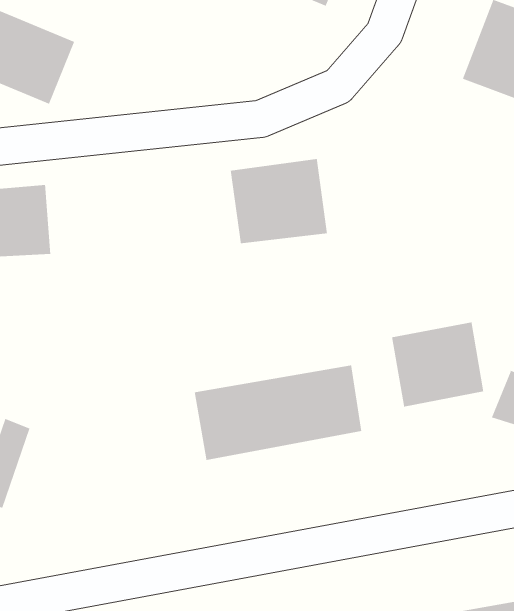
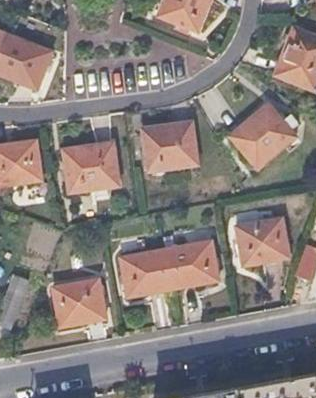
building: none -> [232,107,299,172]
building: none -> [63,145,119,193]
building: none -> [52,281,109,332]

